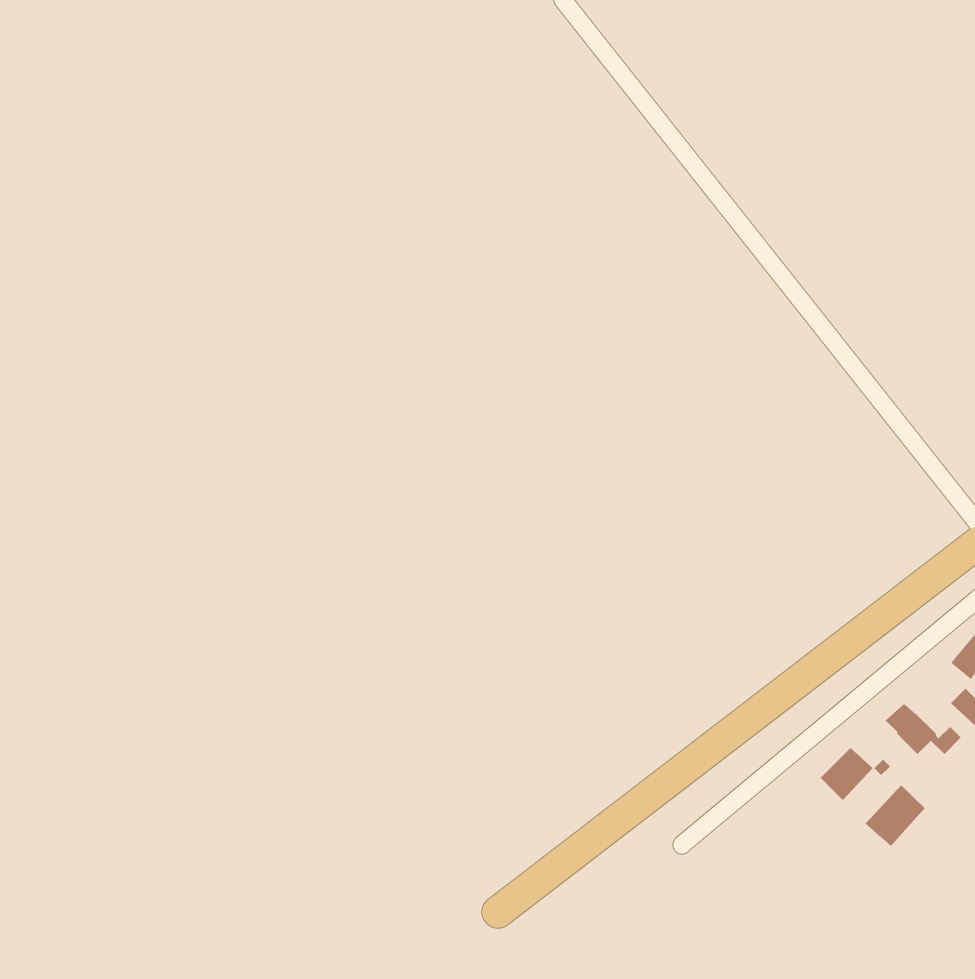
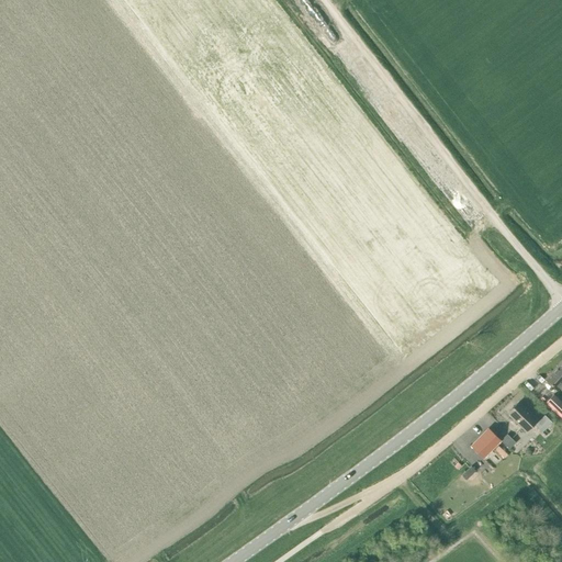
building: [864,785,925,847] -> none

